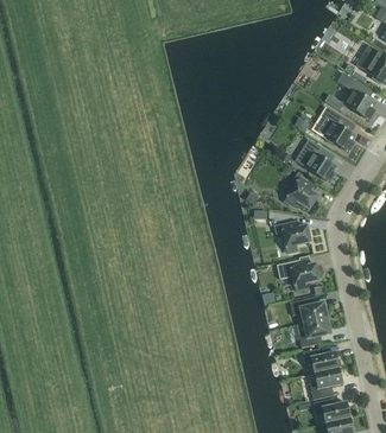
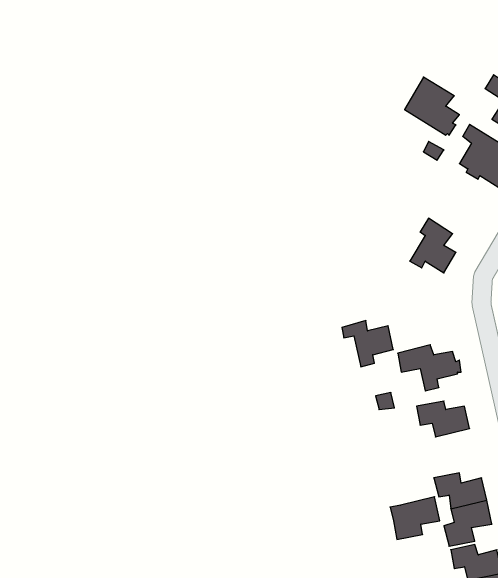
building: [298,140,336,180] -> [405,77,459,135]
building: [274,221,310,253] -> [342,321,393,367]
building: [296,317,330,346] -> [390,497,440,539]

